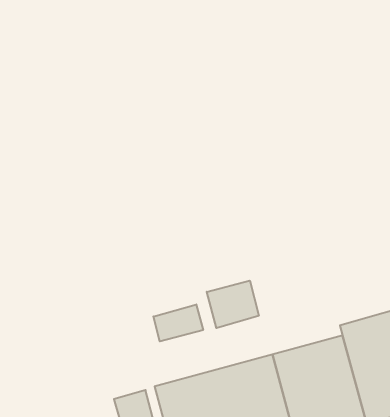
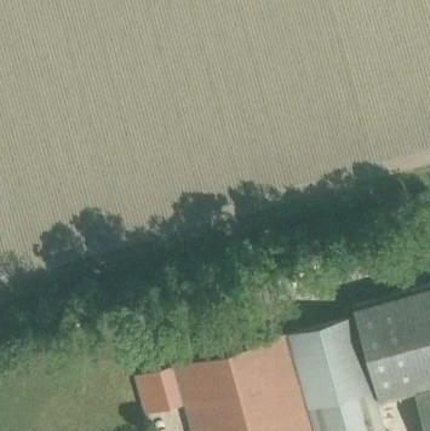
building: [207,281,259,328] -> none
building: [153,304,203,341] -> none

